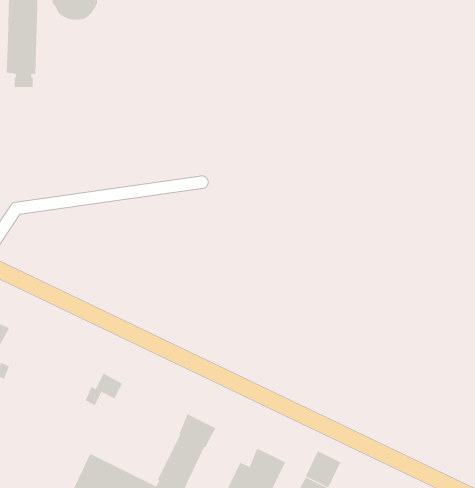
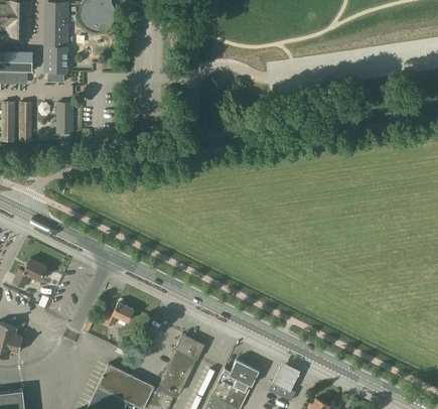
building: none -> [57,103,72,133]

